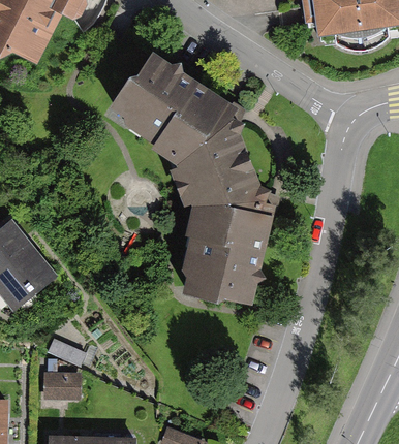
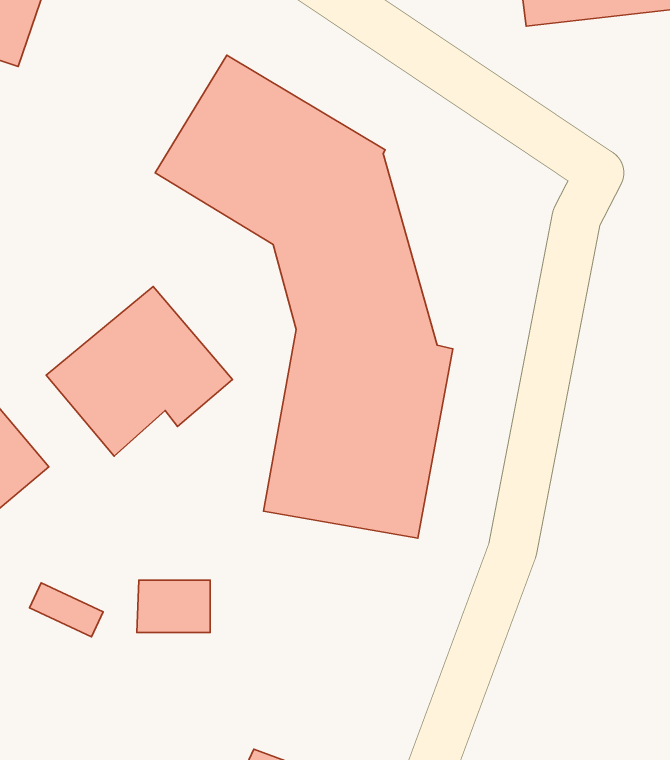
building: none -> [46,287,233,456]
building: [41,371,81,399] -> [137,580,210,632]

